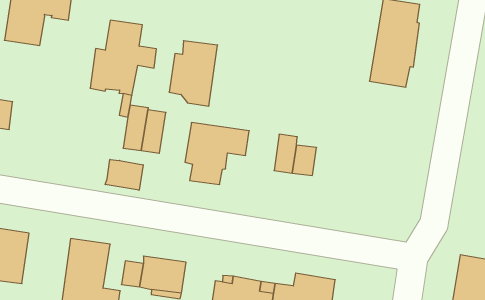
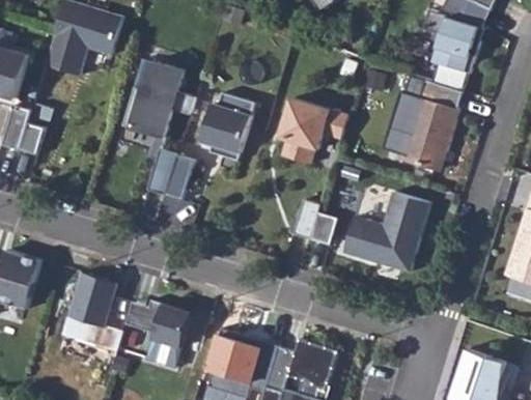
building: none -> [343,192,429,272]
building: [185,123,249,184] -> [278,98,346,164]
building: [105,159,143,190] -> none

